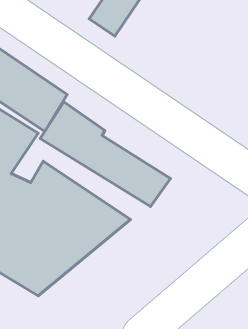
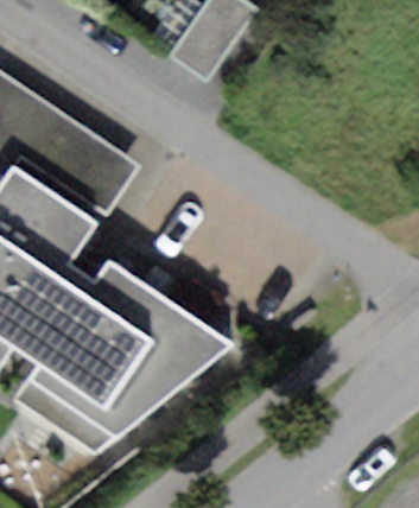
building: [40,102,170,207] -> none

